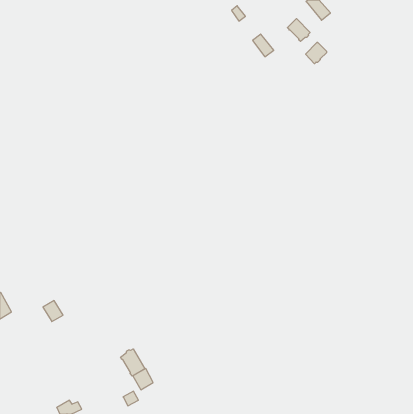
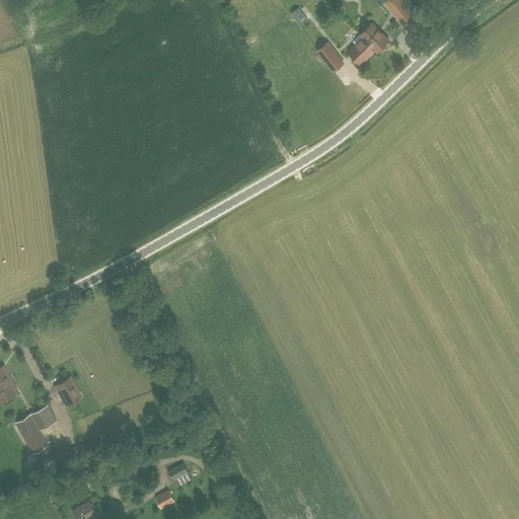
building: [306,43,327,64] -> [348,38,374,64]
building: none -> [14,404,55,453]
building: [121,349,145,376] -> none

